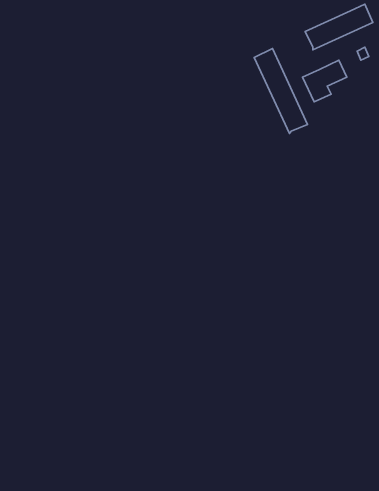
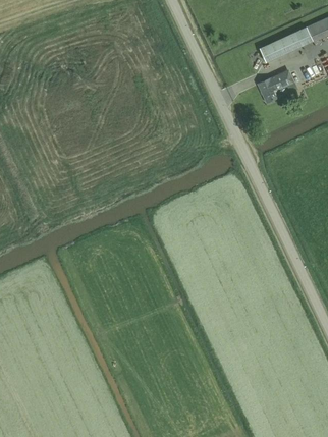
building: [254,48,308,133] -> none

